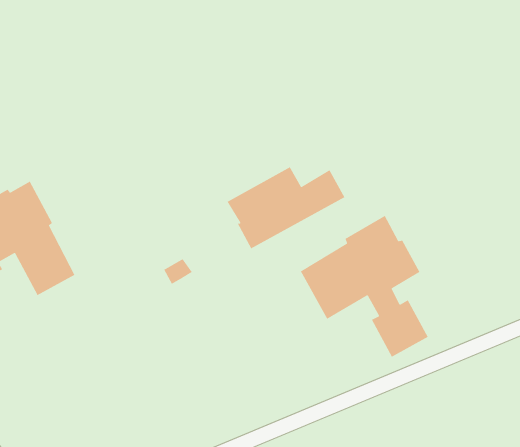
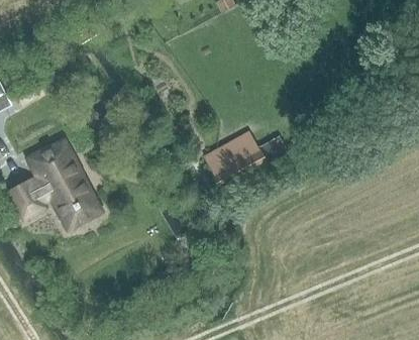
building: [300,215,429,358] -> none

